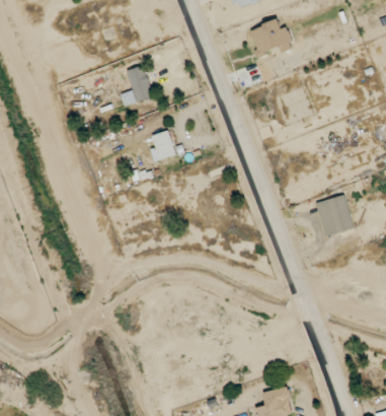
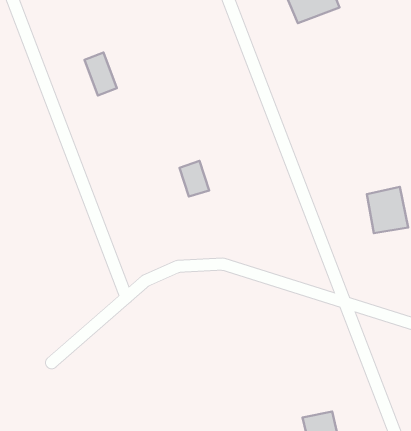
building: [126,65,153,101] -> [85,53,117,95]
building: [150,130,175,160] -> [179,161,209,196]

